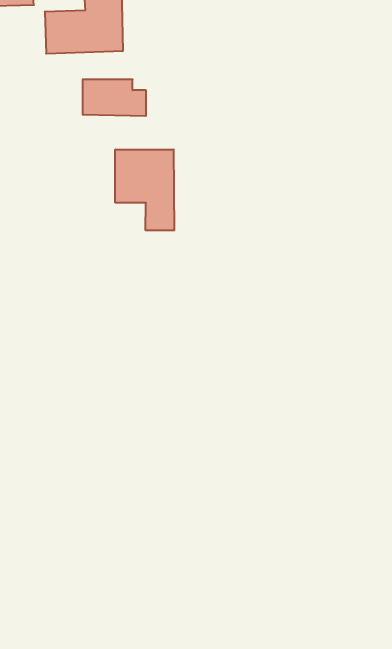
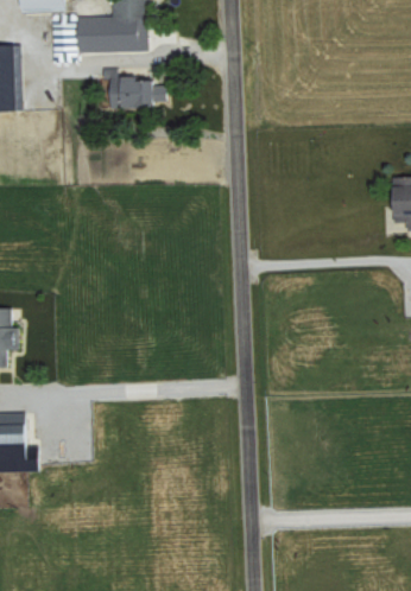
building: [115,149,174,230] -> none

